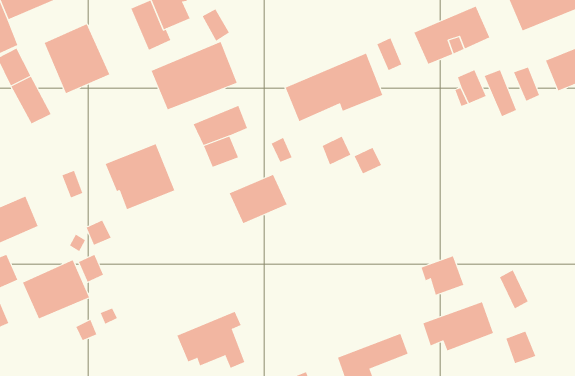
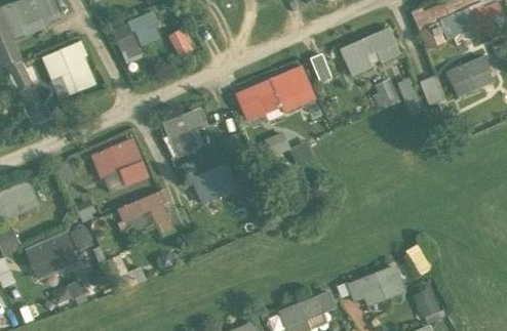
building: [151,41,238,110] -> none
building: [421,255,464,295] -> none
building: [176,311,245,369] -> [118,190,173,236]

